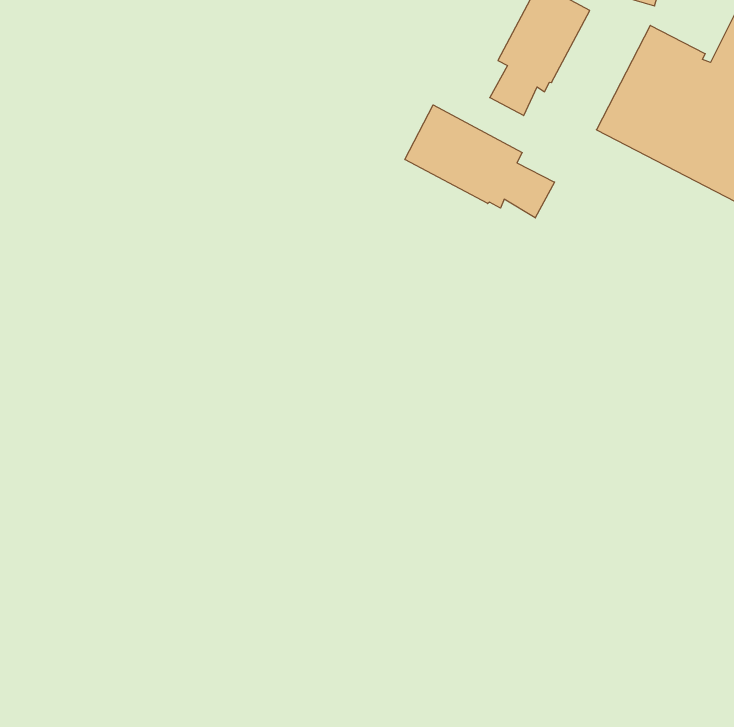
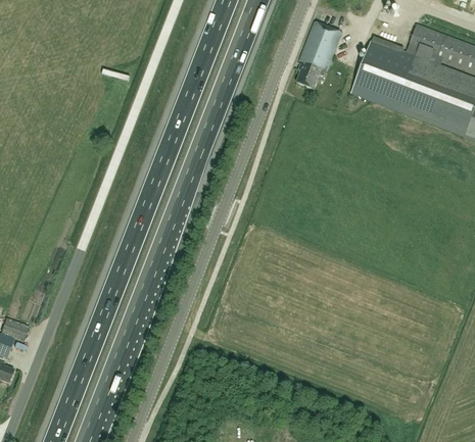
building: [405,105,555,218] -> none

